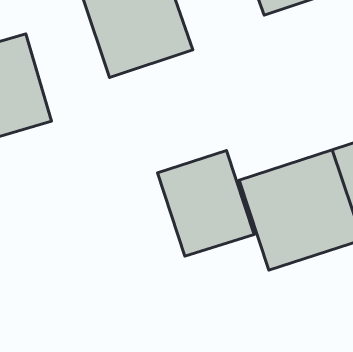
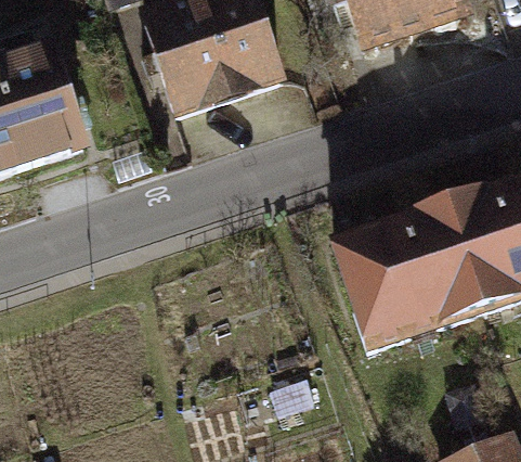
building: [158,150,254,256] -> none

